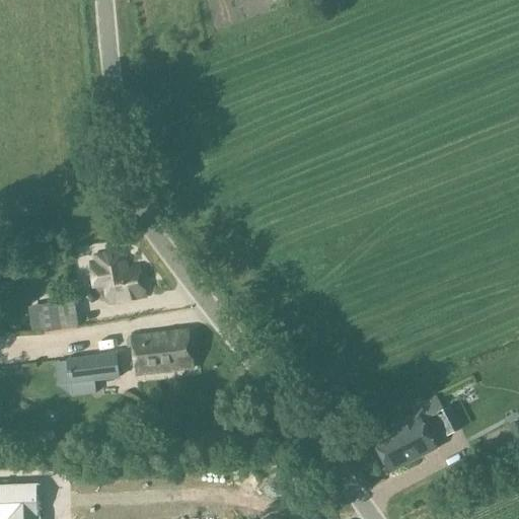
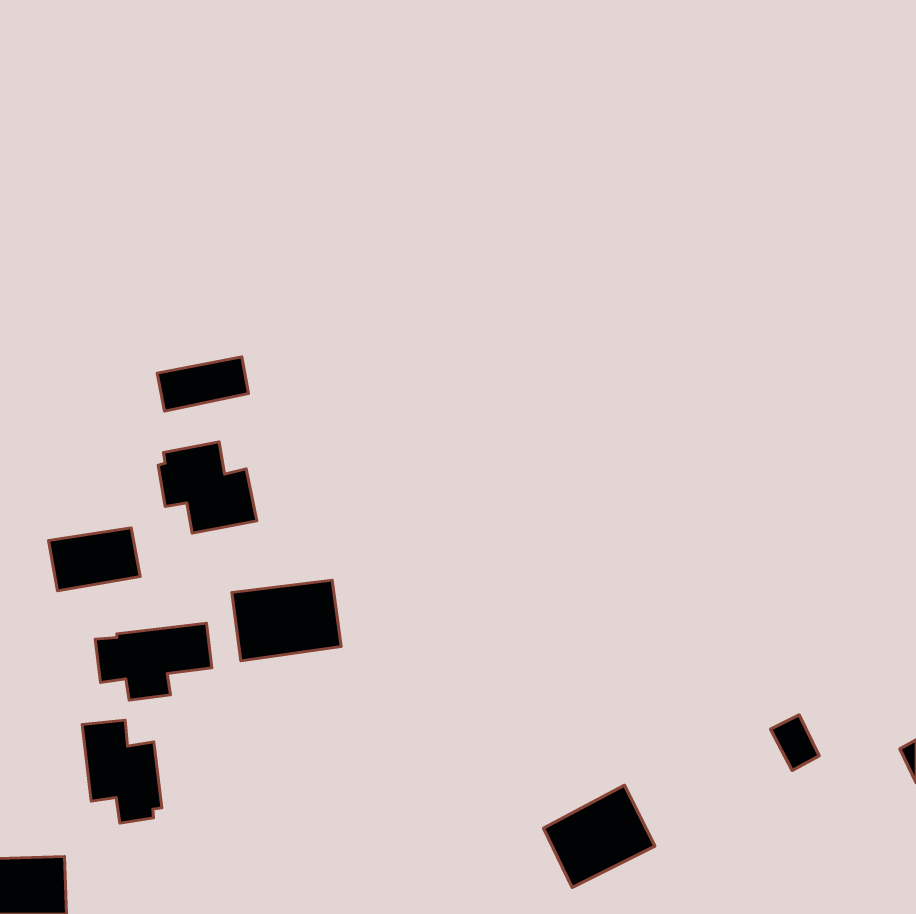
building: none -> [157,357,249,411]
building: none -> [82,720,162,823]
building: [374,413,437,470] -> [544,785,655,888]

